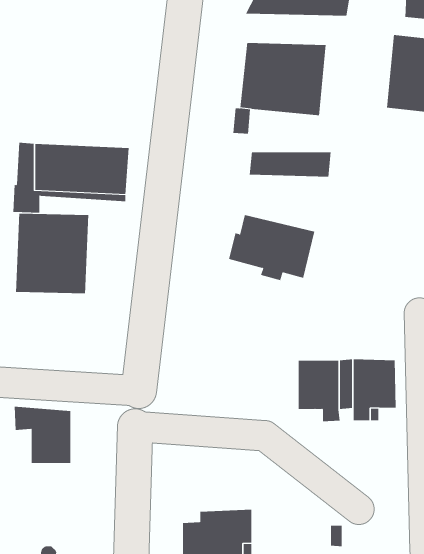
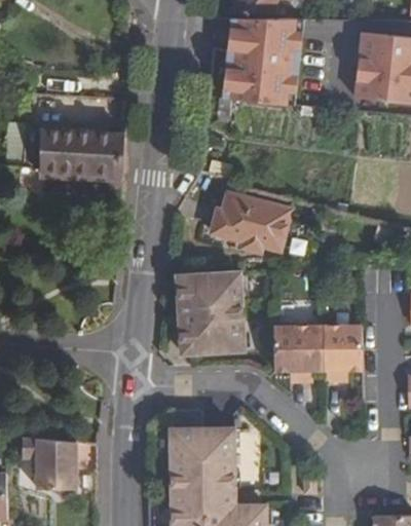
building: [249,152,331,177] -> [229,18,303,41]
building: [16,213,89,294] -> none
building: none -> [178,271,245,350]
building: [14,406,71,464] -> [24,436,75,487]
building: none -> [172,426,234,469]

